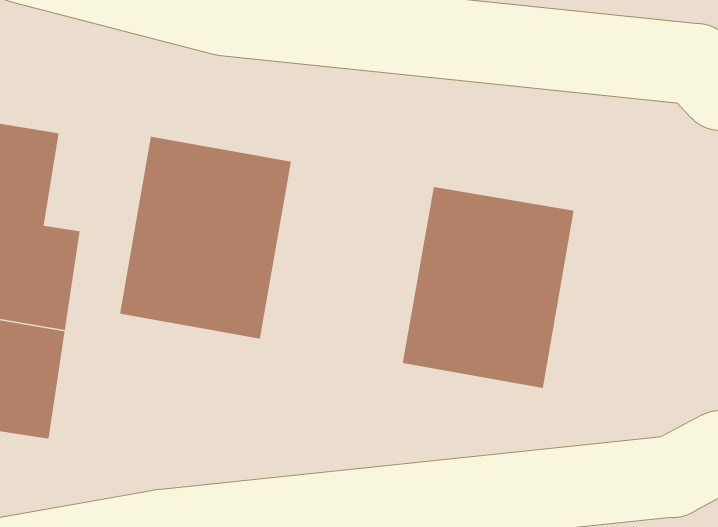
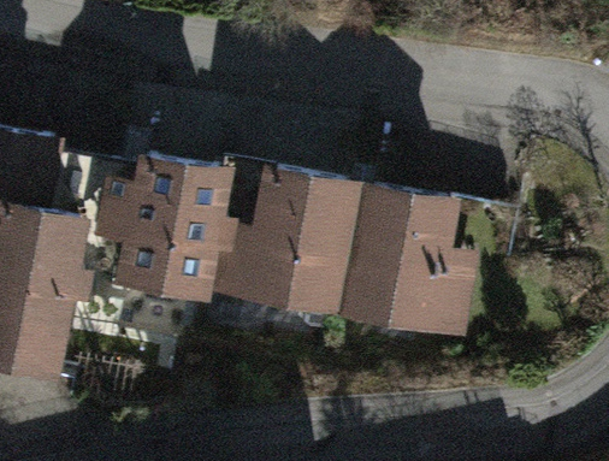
building: none -> [232,161,372,325]

